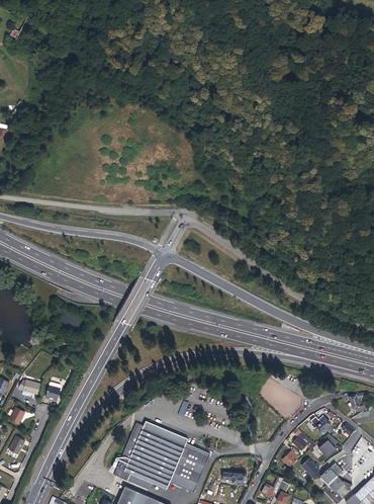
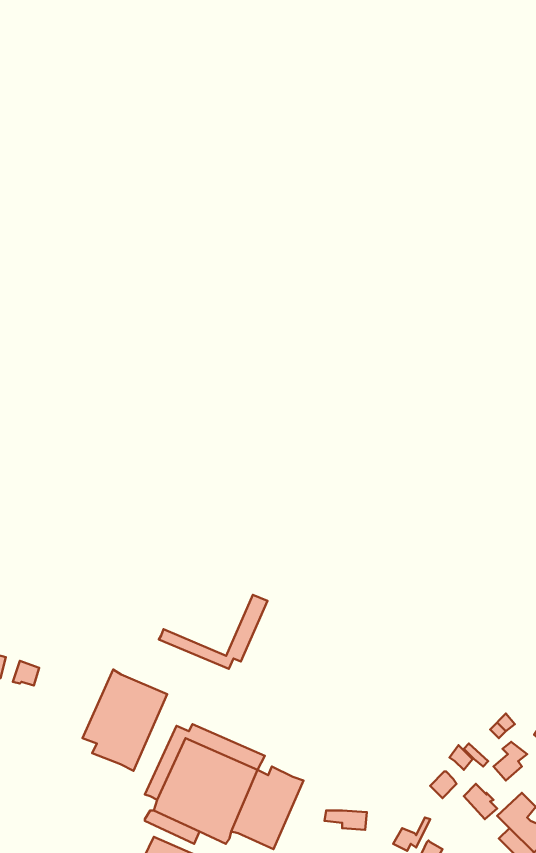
building: none -> [159,595,268,669]
building: none -> [82,670,167,771]

